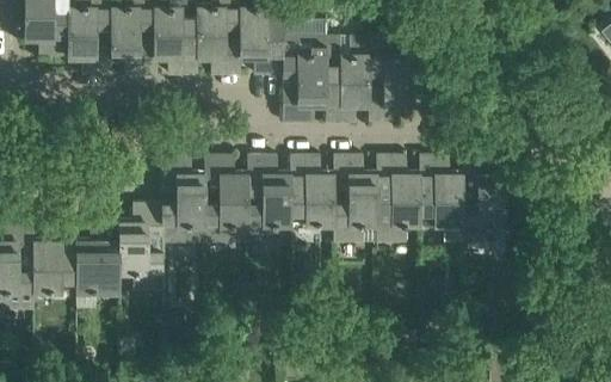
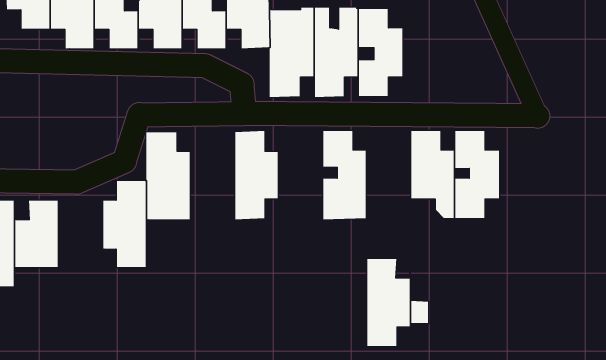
building: [290,155,333,222] -> none
building: [376,155,419,241] -> [367,259,411,346]
building: [204,156,247,242] -> none
building: [75,223,118,289] -> none

